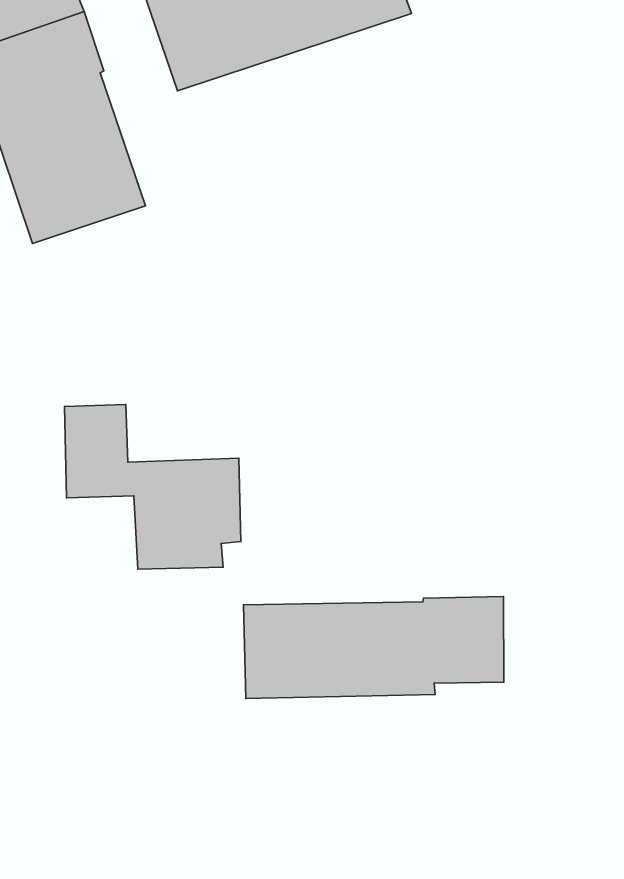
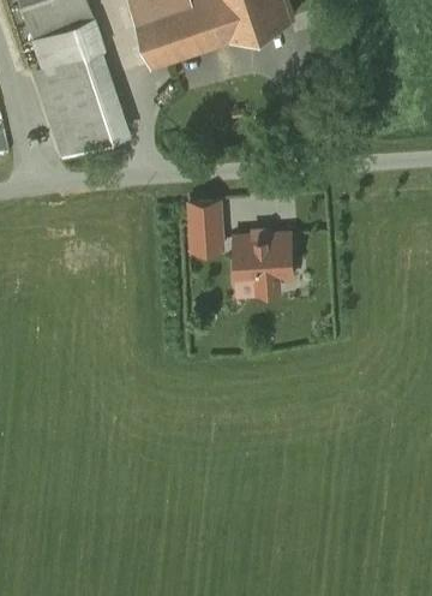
building: [64,405,241,569] -> [184,196,290,296]
building: [243,596,504,699] -> none

